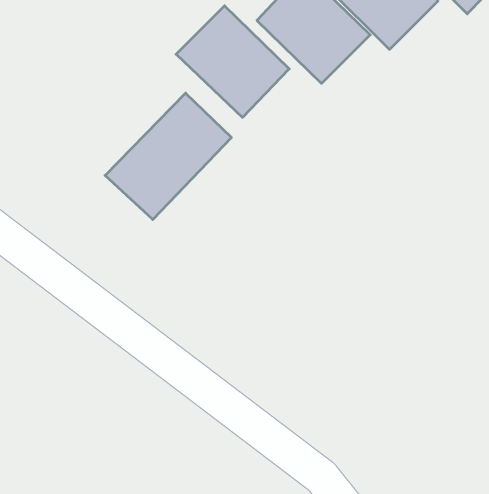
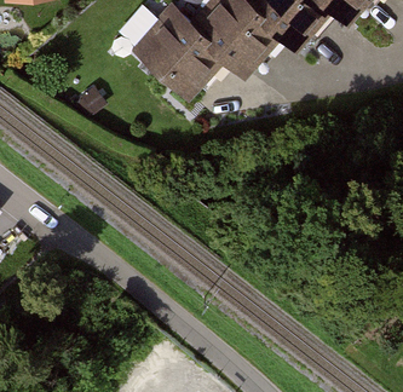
building: [105,93,231,220] -> none

